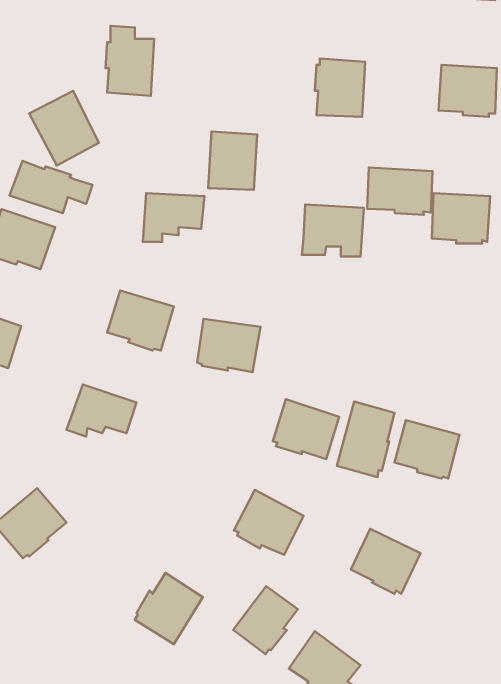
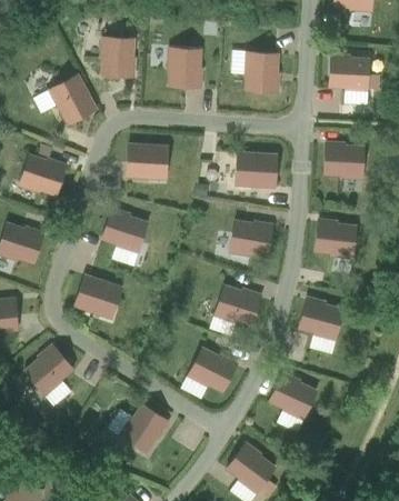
building: [208,131,257,190] -> [169,47,202,87]
building: [9,161,93,213] -> none
building: [367,168,433,215] -> none
building: none -> [315,221,357,258]
building: [197,319,260,372] -> [230,220,273,257]
building: [337,402,395,477] -> none
building: [233,586,298,654] -> none

